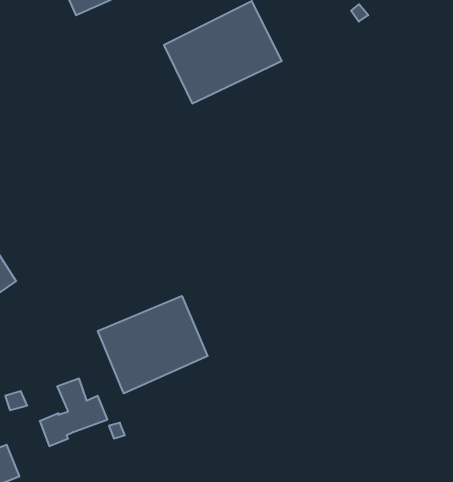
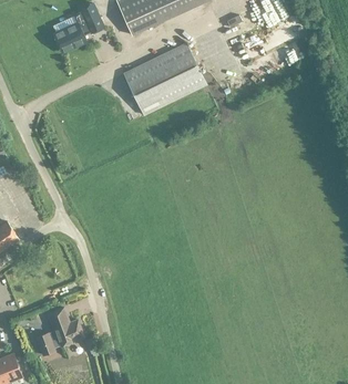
building: [98,296,208,393] -> none

